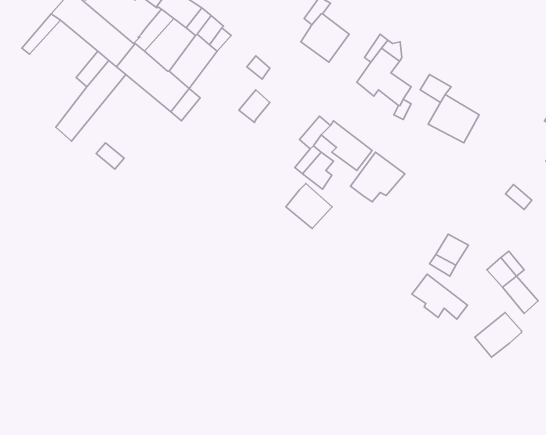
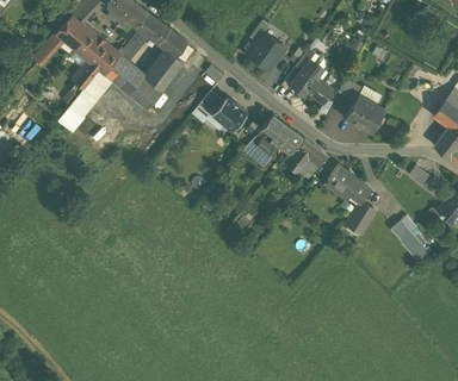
building: [286,184,332,229] -> [212,96,248,131]
building: [412,274,468,319] -> [327,165,370,200]
building: [475,312,522,357] -> none

